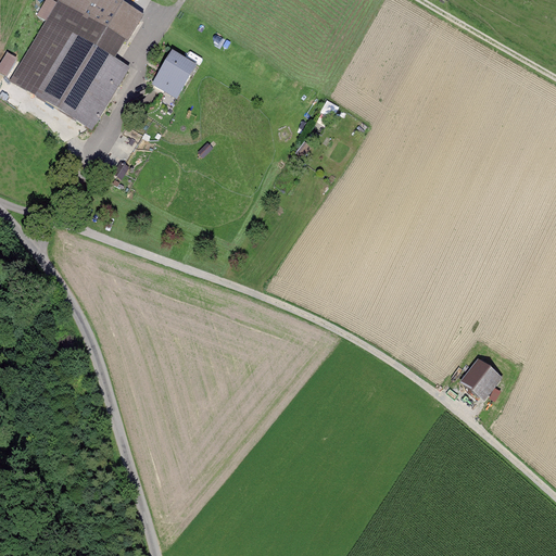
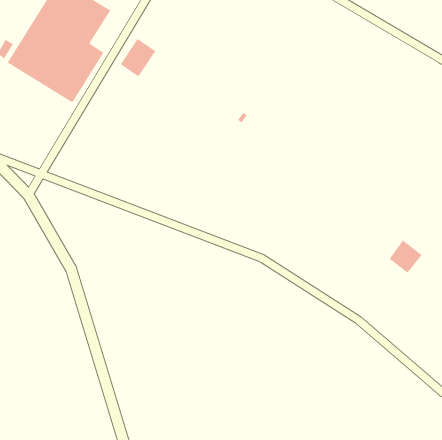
building: [464,357,506,400] -> [389,240,423,273]

